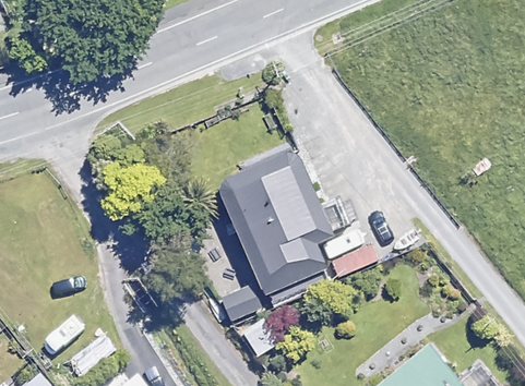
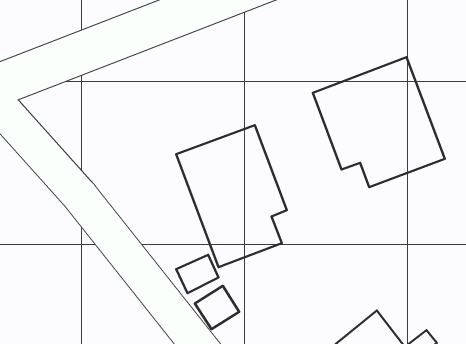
building: none -> [313,57,445,187]

